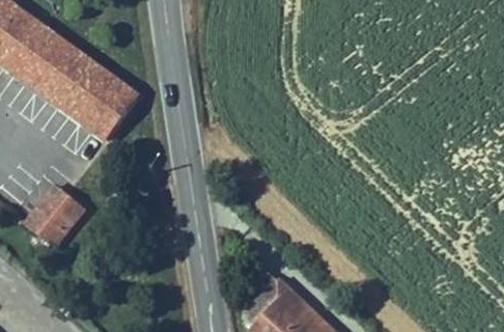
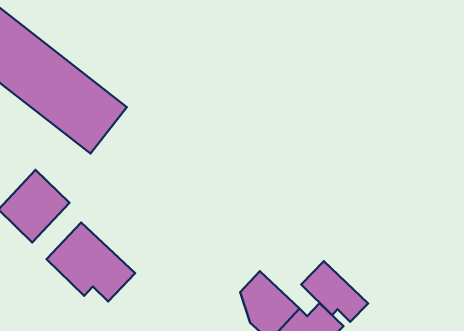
building: none -> [47,223,135,302]
building: none -> [301,261,368,322]

